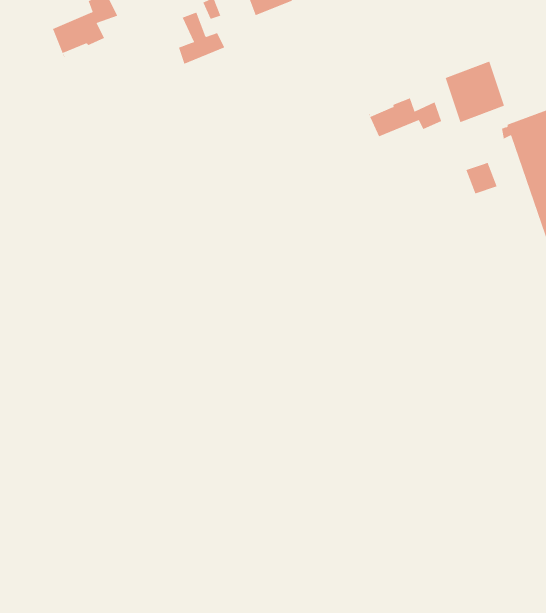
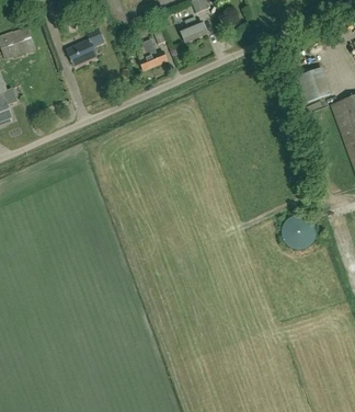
building: [368,97,442,137] -> none
building: none -> [282,214,316,249]

